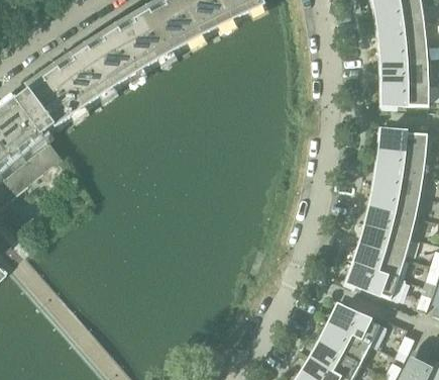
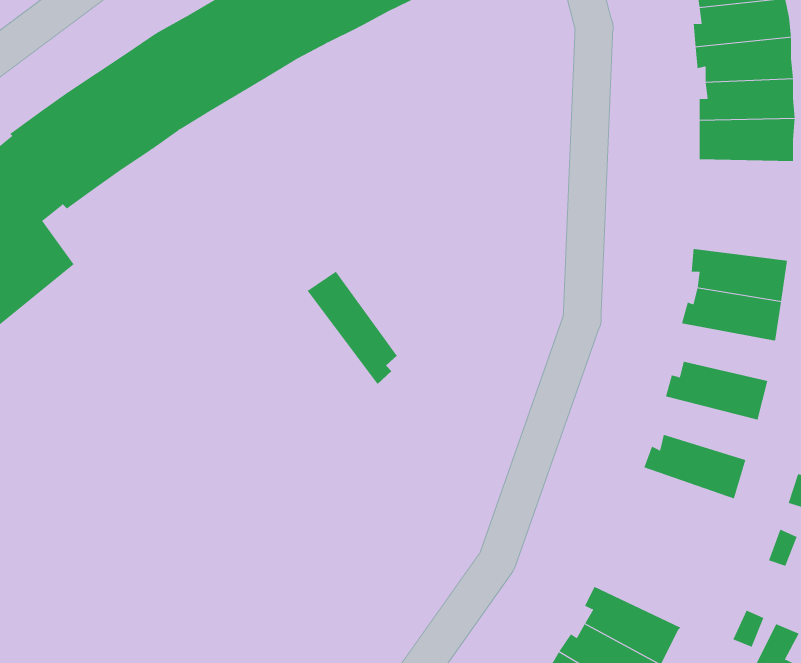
building: [376,126,427,152] -> none
building: none -> [307,271,398,385]
building: [368,184,419,213] -> none
building: [359,221,410,254] -> none
building: [345,258,405,297] -> none
building: [326,300,386,344] -> none

